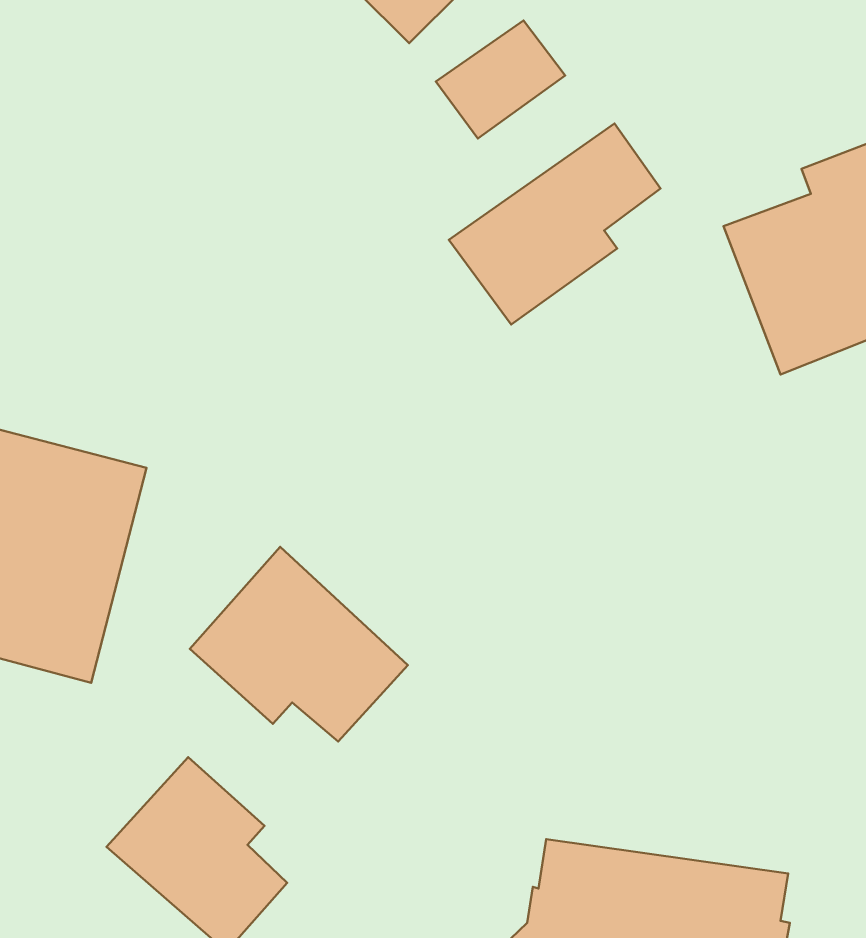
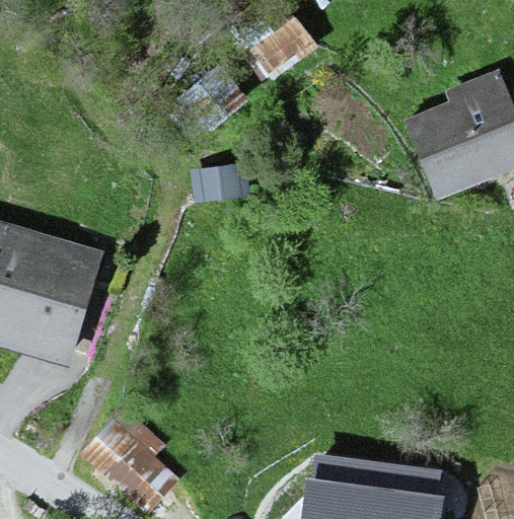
building: [449,124,660,325] -> none
building: [190,547,408,741] -> none

